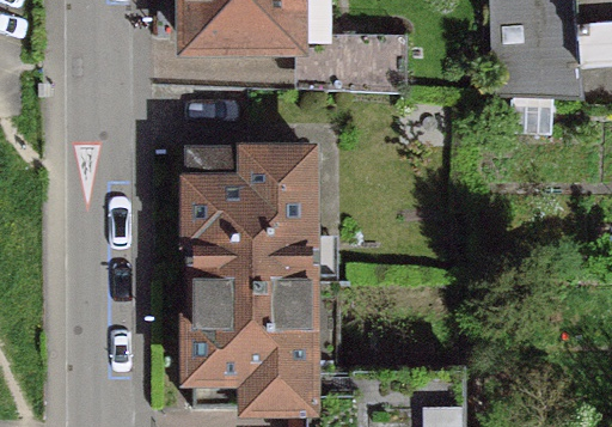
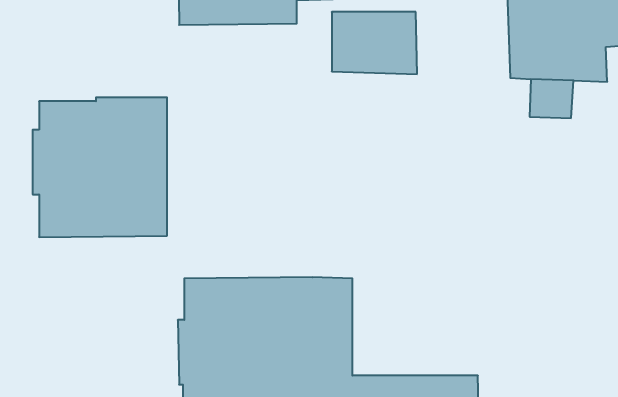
building: [184,152,308,281] -> [33,97,167,237]

